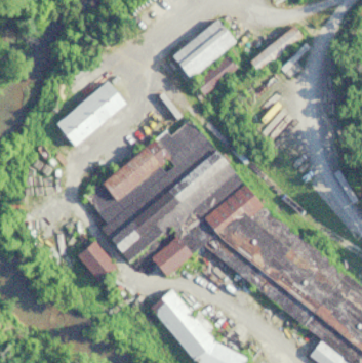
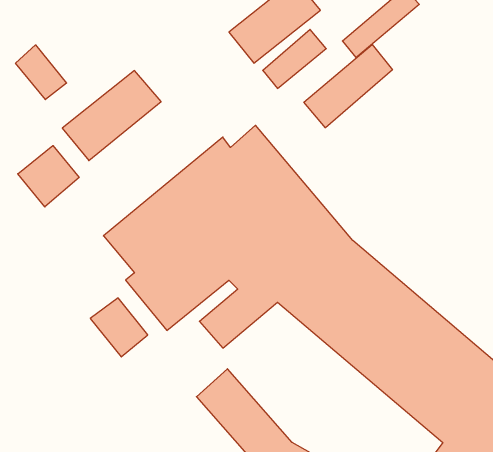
building: none -> [304,44,392,128]
building: none -> [16,45,67,100]
building: none -> [18,146,79,207]

